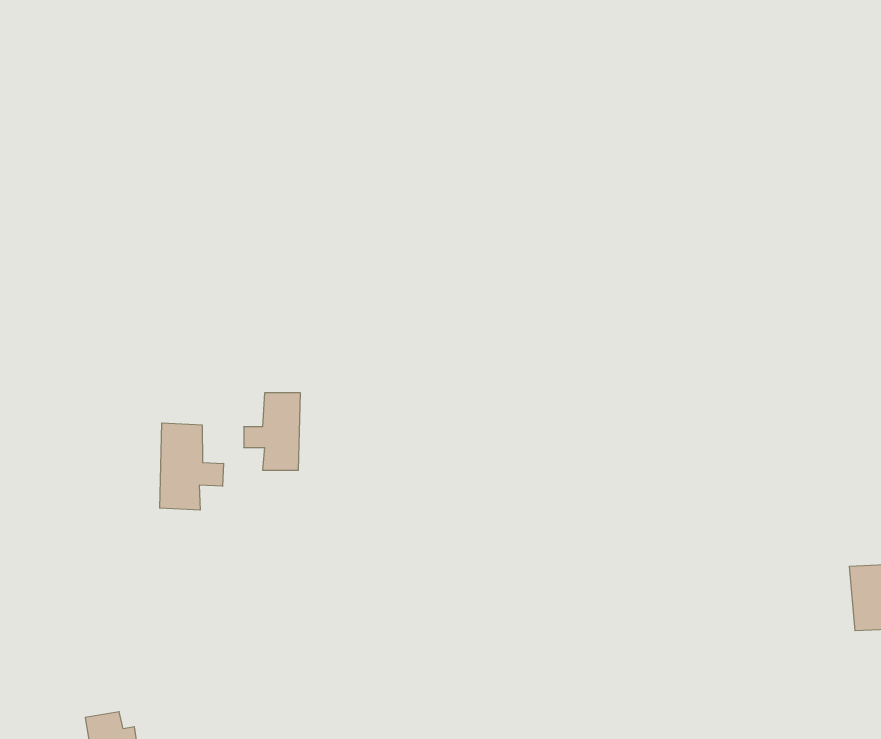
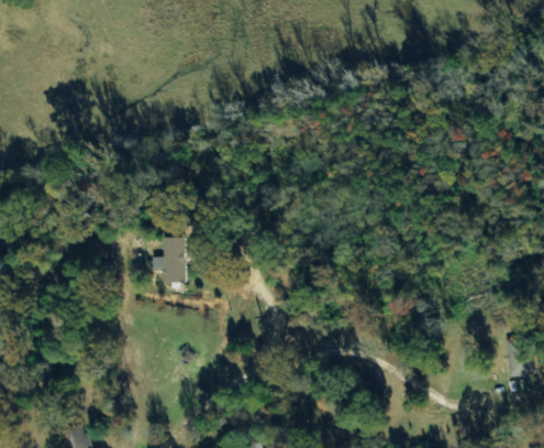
building: [160,423,224,510] -> none

